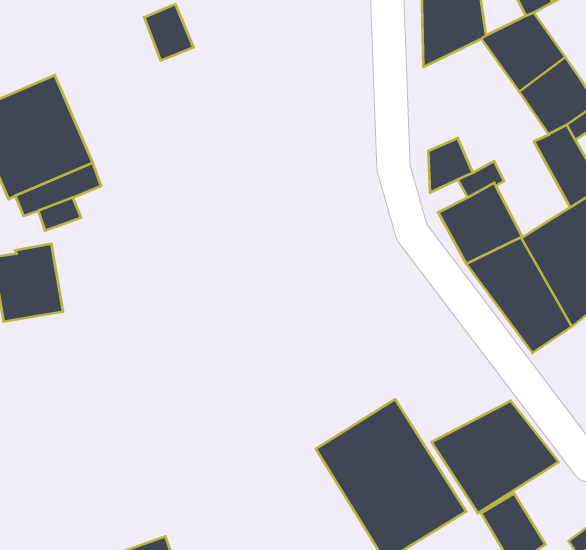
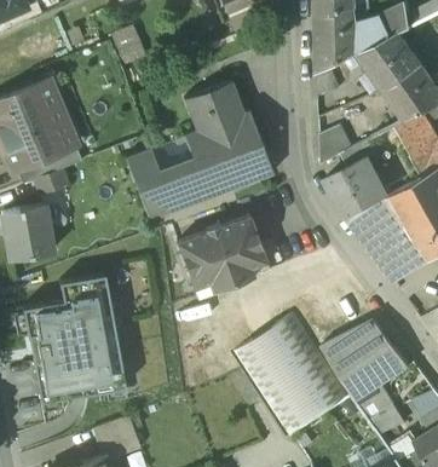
building: none -> [125,80,260,219]
building: none -> [177,214,270,295]
building: none -> [23,272,125,399]

